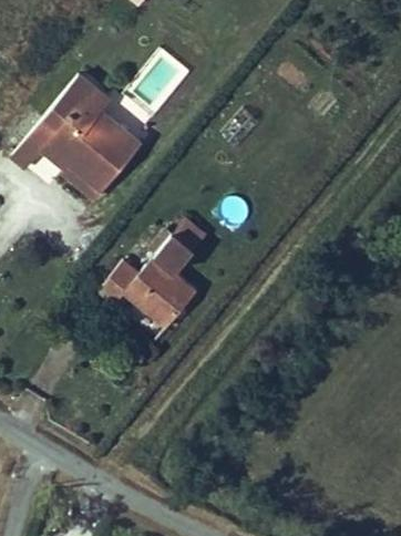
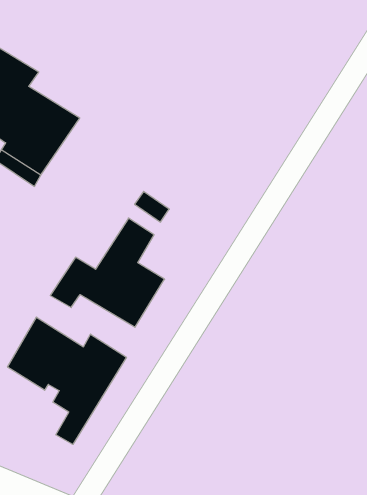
building: none -> [8,317,126,444]

